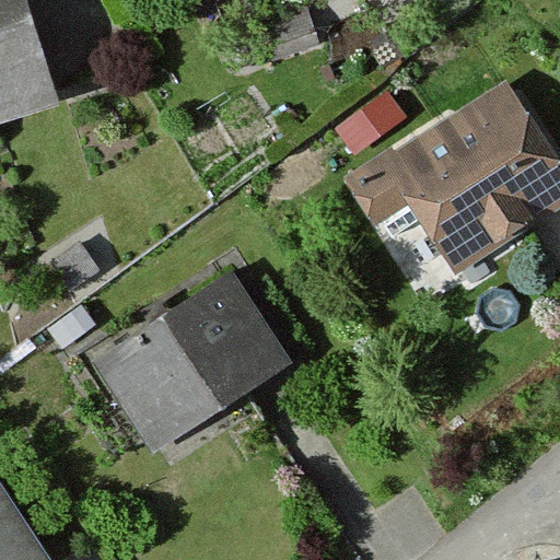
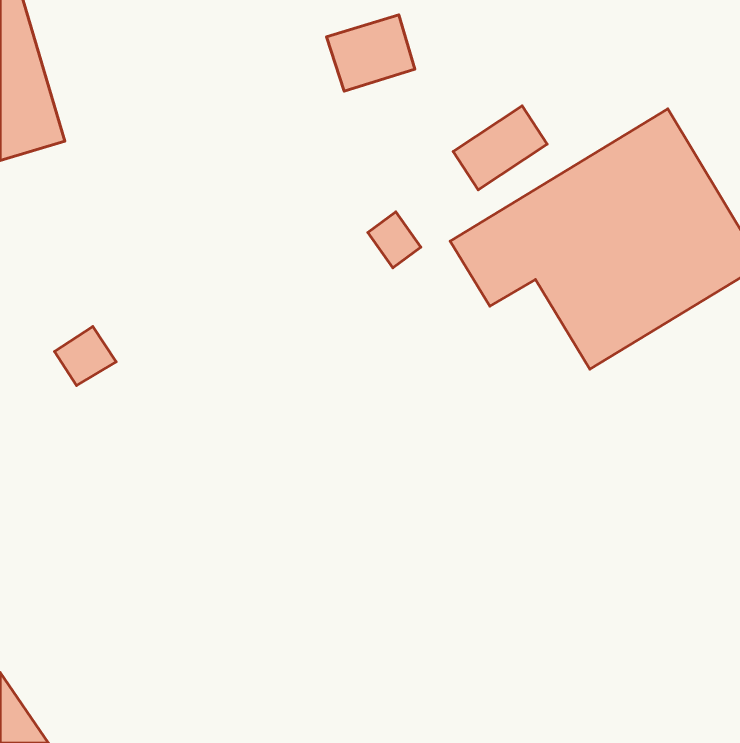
building: [95,273,292,451] -> none

